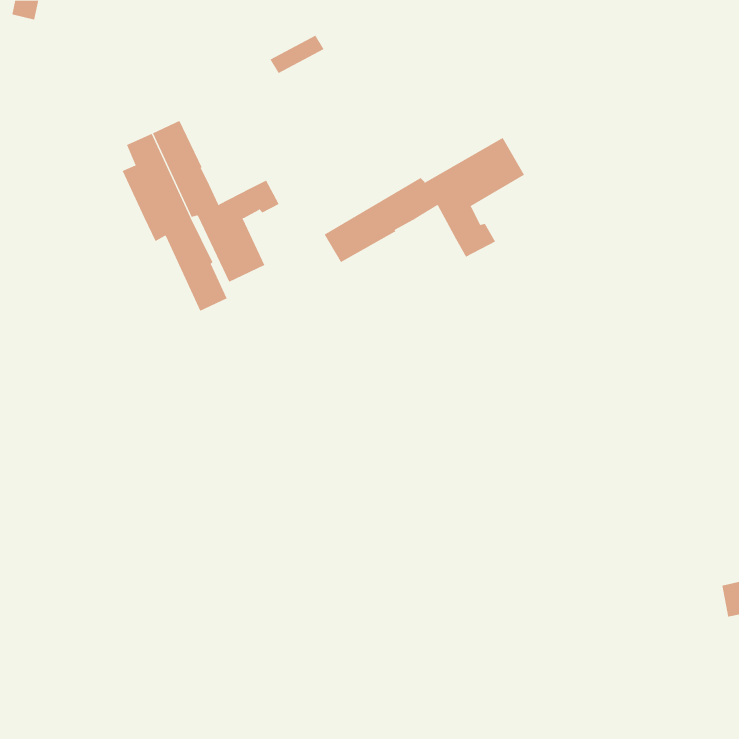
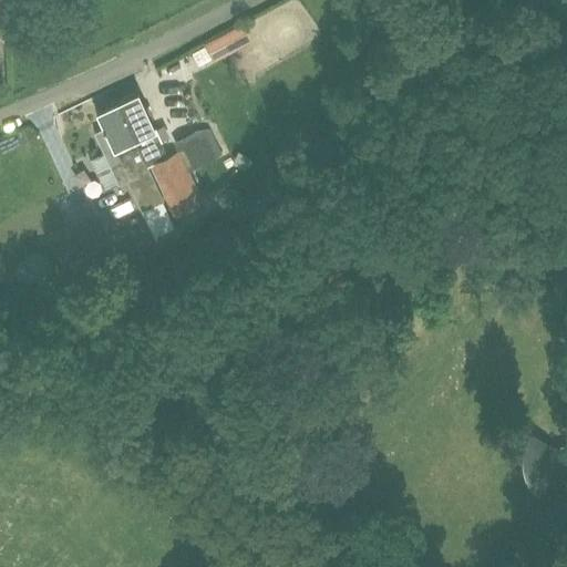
building: [324,137,525,263] -> none

